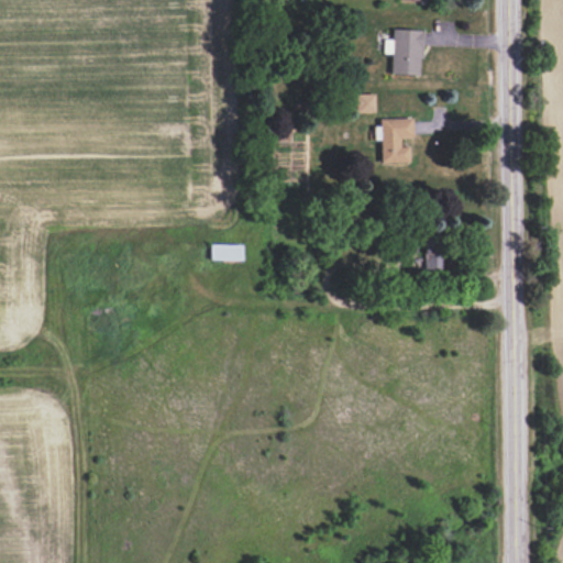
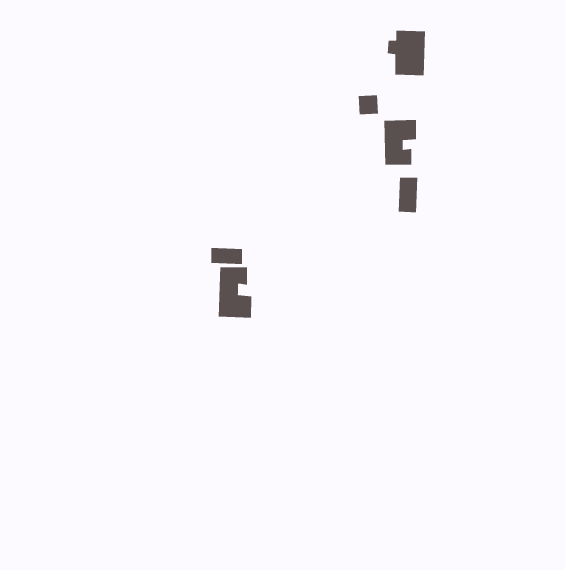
building: [424,235,444,271] -> [398,177,418,213]
building: none -> [218,267,252,319]

